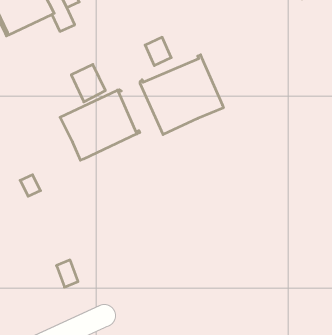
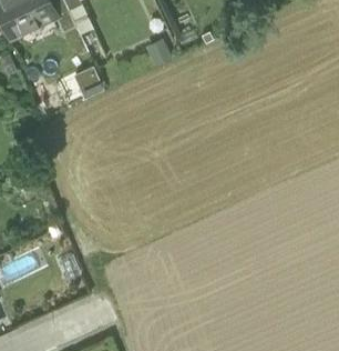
building: [140,55,223,135] -> none
building: [60,90,140,160] -> none

